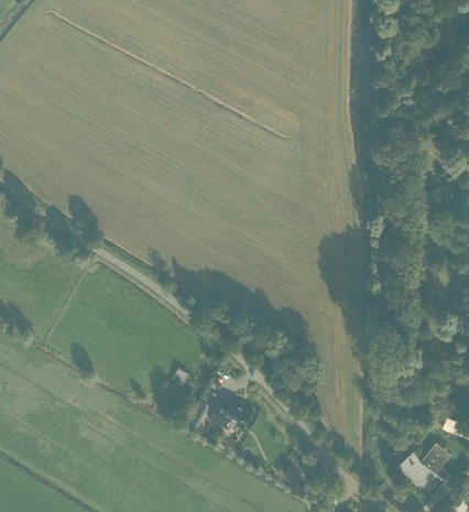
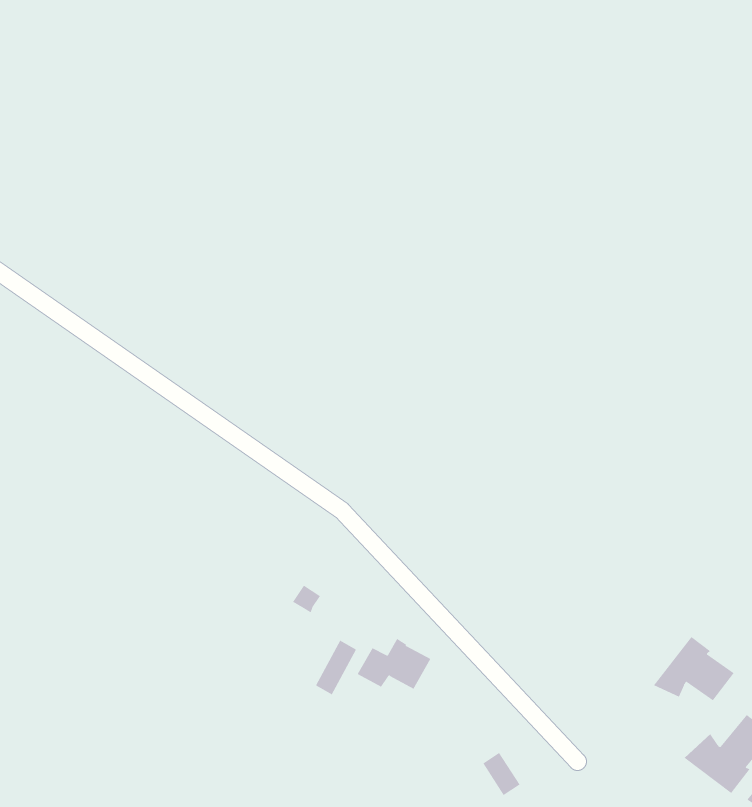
building: none -> [653,636,734,701]

